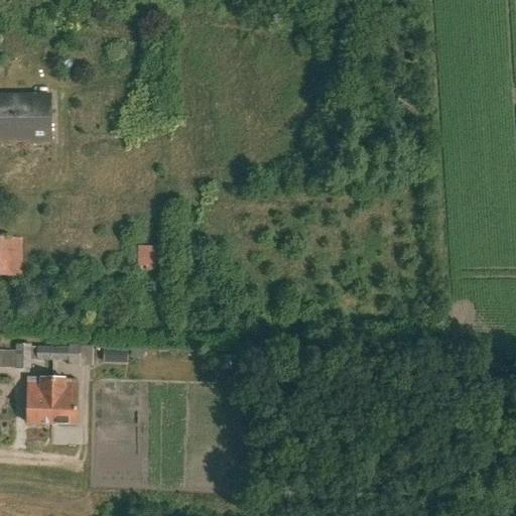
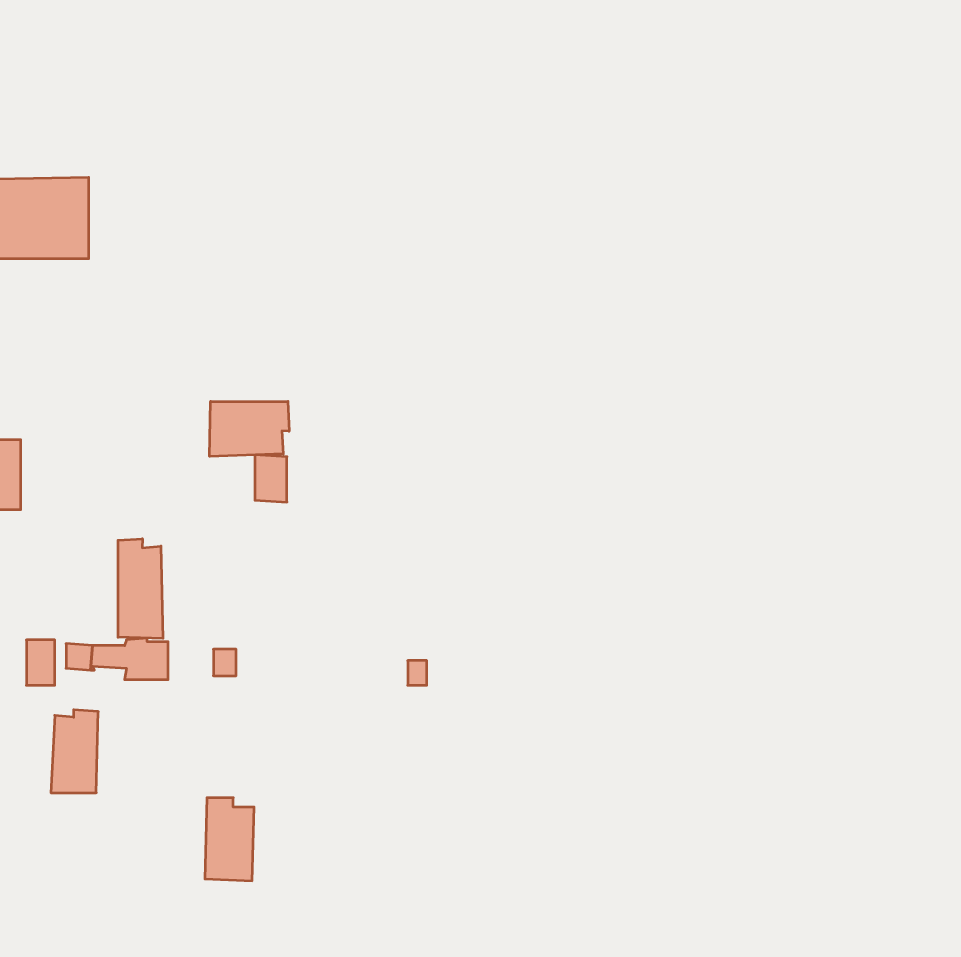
building: none -> [210,401,289,456]
building: none -> [118,539,163,638]
building: [51,380,78,424] -> [205,798,254,881]

